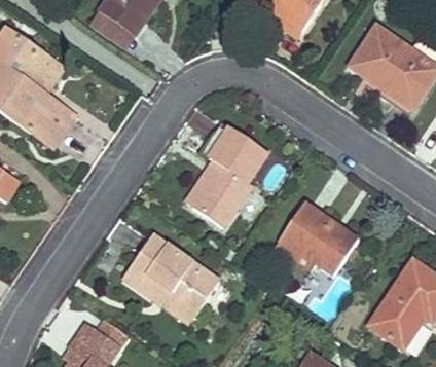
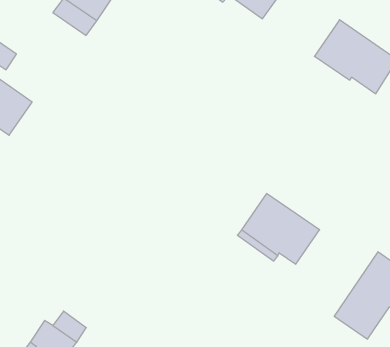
building: [193,125,267,223] -> none
building: [122,234,216,316] -> none

